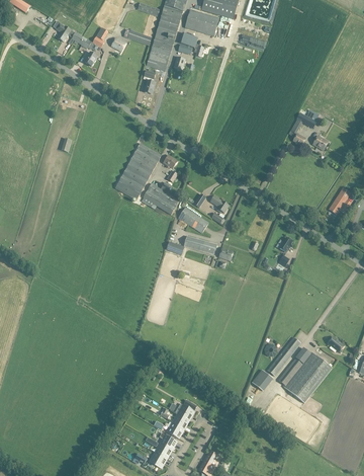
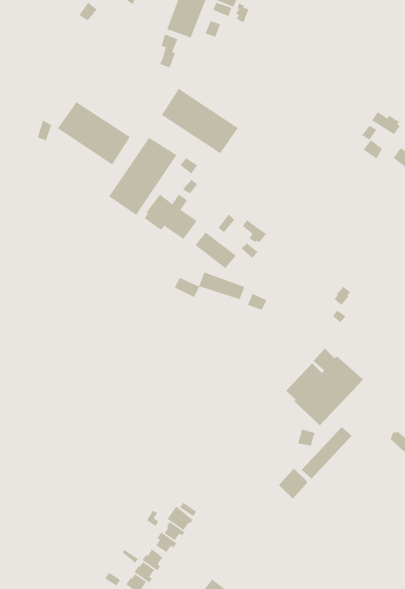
building: none -> [161,88,239,154]
building: none -> [57,101,131,165]
building: [277,347,332,403] -> [286,348,364,426]

